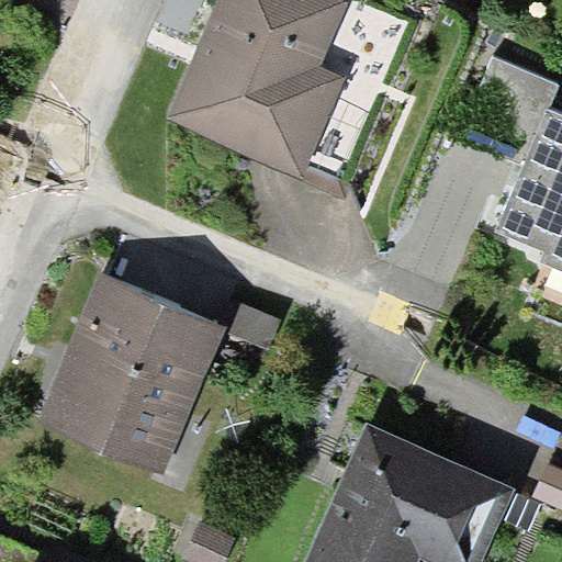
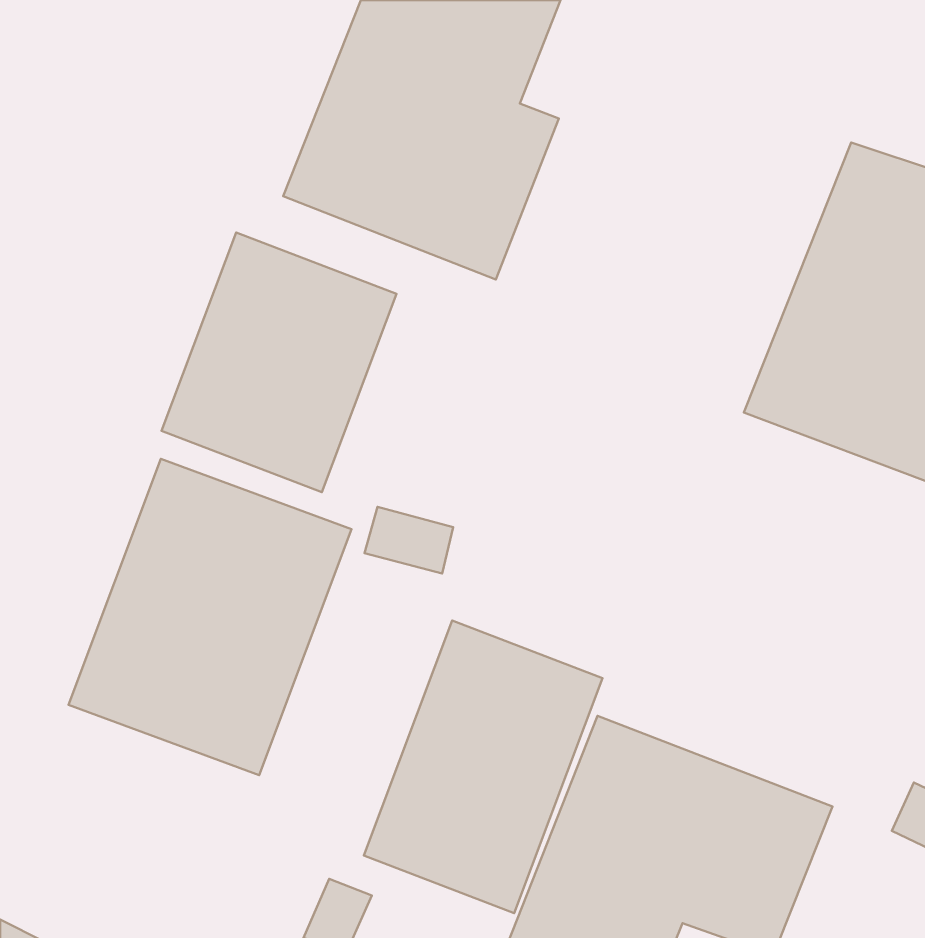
building: none -> [162,233,396,492]
building: none -> [364,620,602,913]

